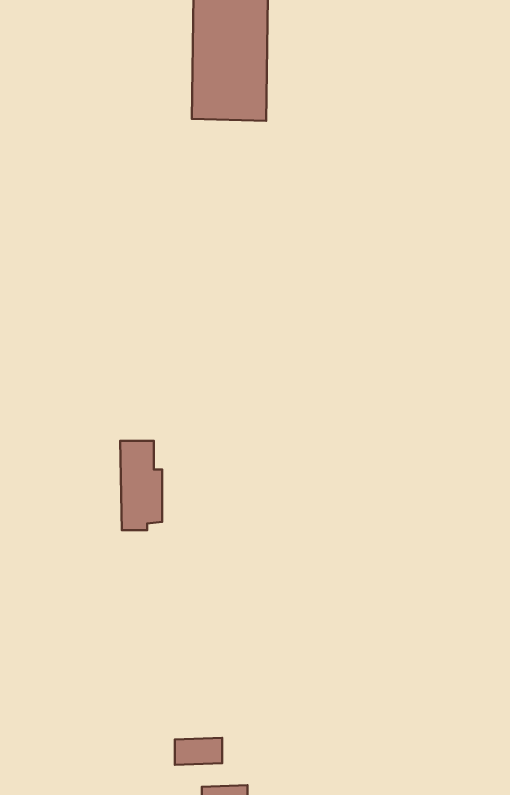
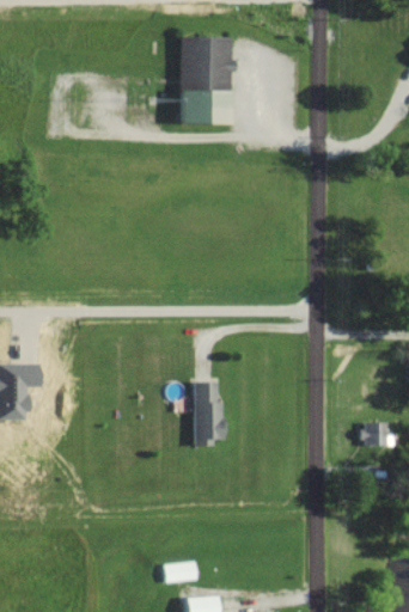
building: [120,441,162,530] -> [194,381,224,445]
building: none -> [362,422,396,445]

